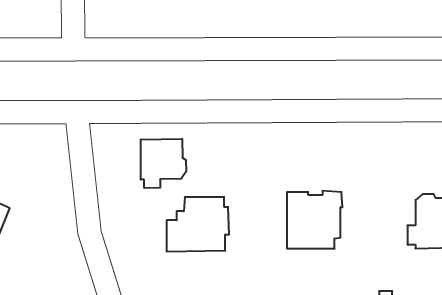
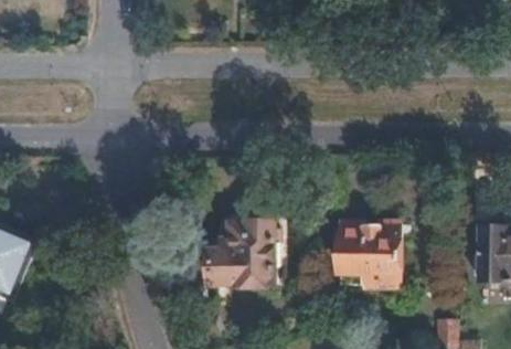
building: [141,139,186,188] -> none

